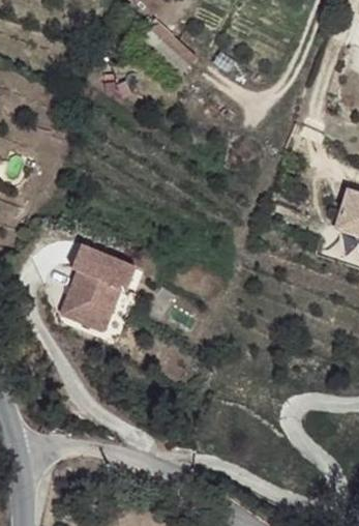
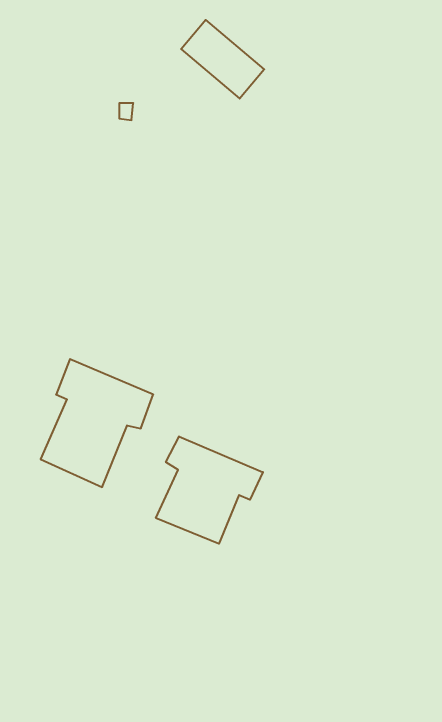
building: none -> [156,436,263,544]

